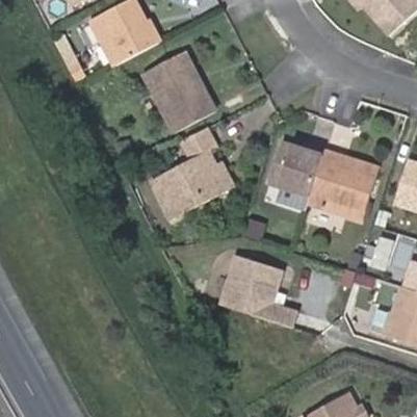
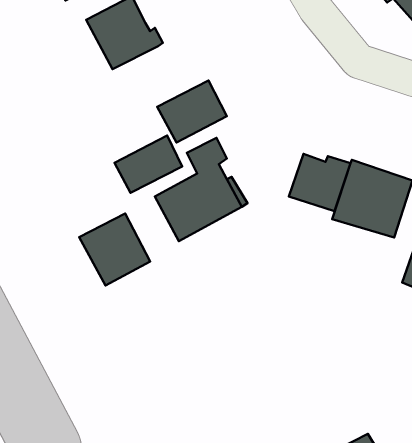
building: [136,49,198,101] -> [115,135,182,193]
building: none -> [79,214,150,286]
building: [221,253,299,327] -> none

